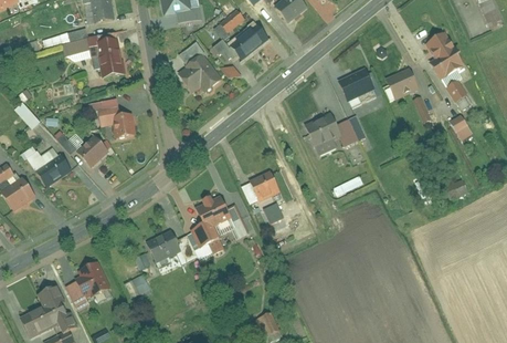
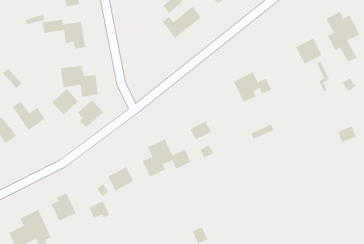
building: [180,41,223,89] -> none
building: [337,70,374,103] -> none
building: none -> [77,100,104,128]

